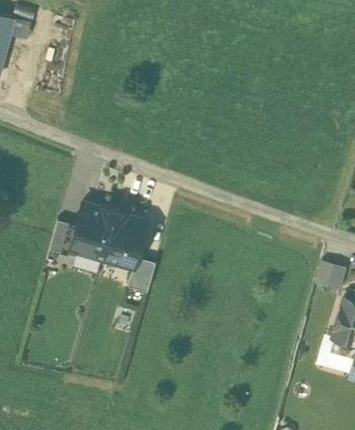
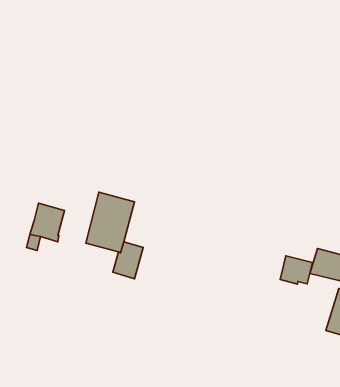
building: [76,201,115,258] -> none
building: none -> [280,256,313,284]

